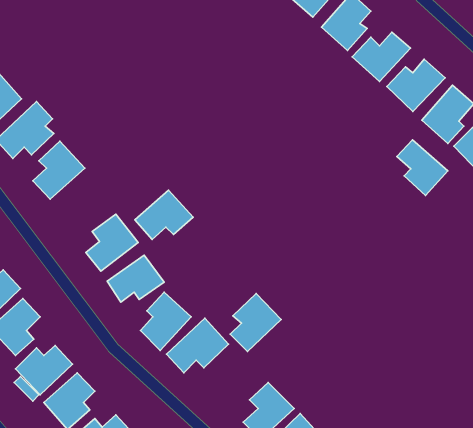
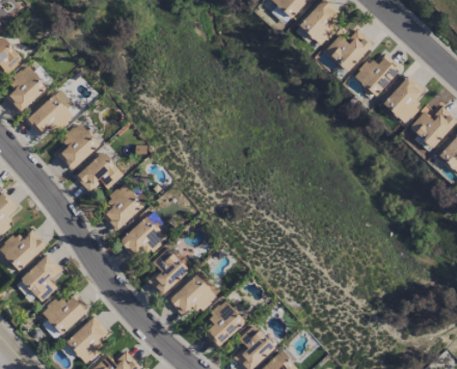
building: [397,140,448,196] -> none
building: [135,190,193,240] -> [75,152,124,193]
building: [230,293,281,352] -> [204,299,246,348]

